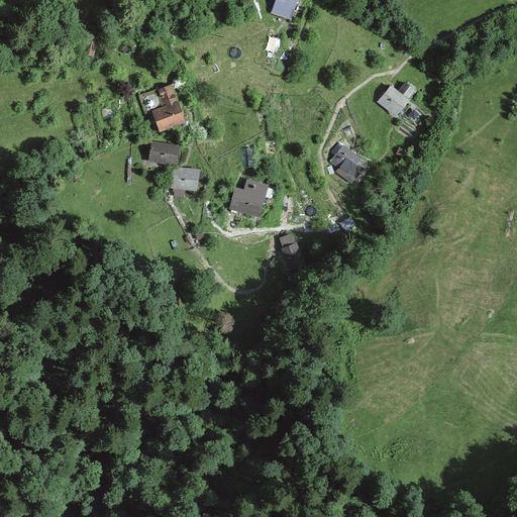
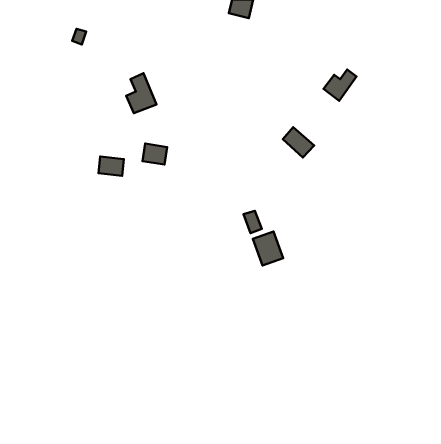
building: [148,141,178,164] -> [99,157,124,176]
building: [229,179,269,218] -> none
building: none -> [253,232,283,266]

